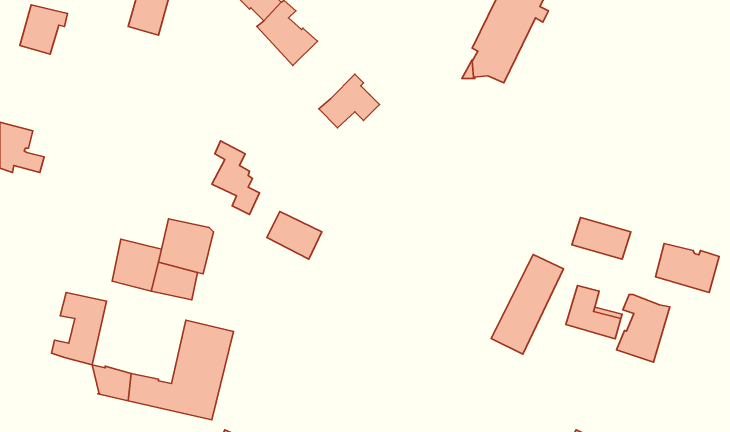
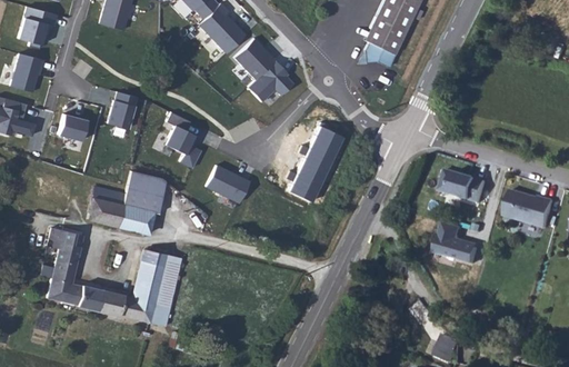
building: none -> [233,38,276,79]
building: none -> [10,53,43,92]
building: none -> [108,91,137,129]
building: none -> [58,113,87,141]
building: [491,255,563,354] -> [287,126,342,202]
building: [617,295,670,362] -> none
building: none -> [47,278,78,306]

